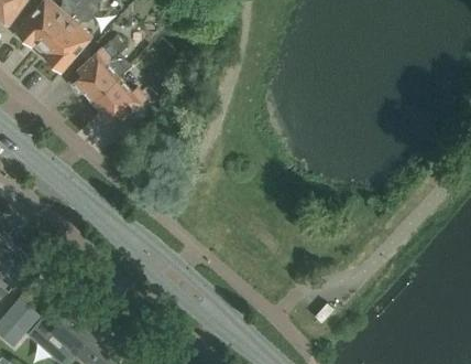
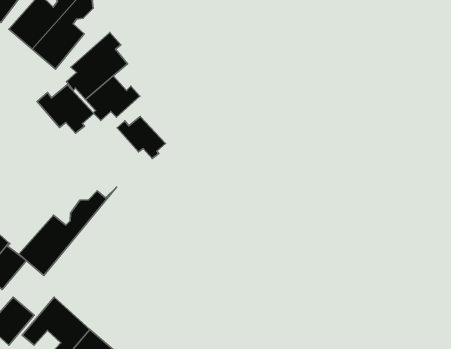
building: none -> [37,85,94,133]
building: none -> [117,116,165,159]
building: none -> [19,187,117,275]

